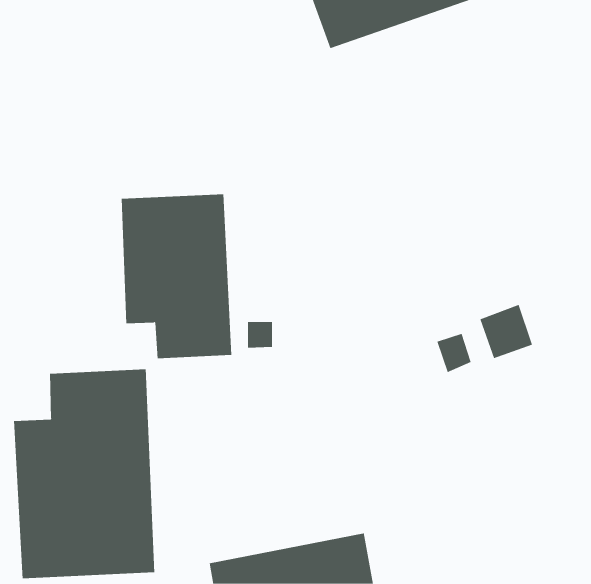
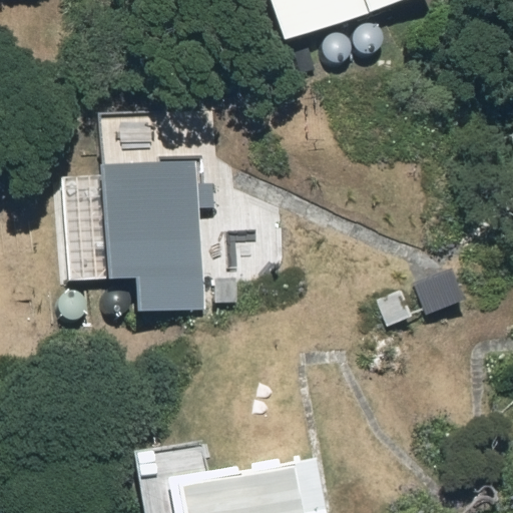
building: [13,369,155,579] -> none

